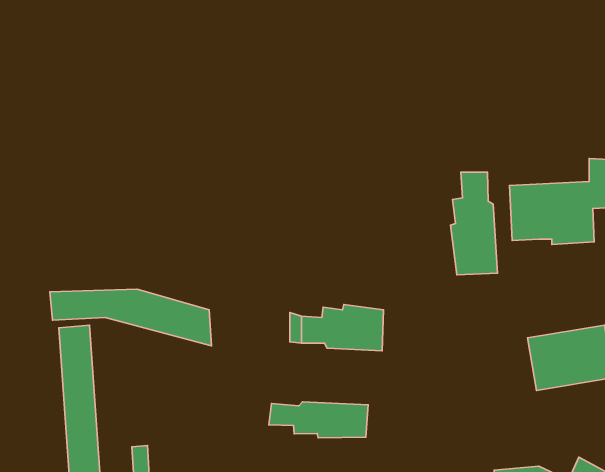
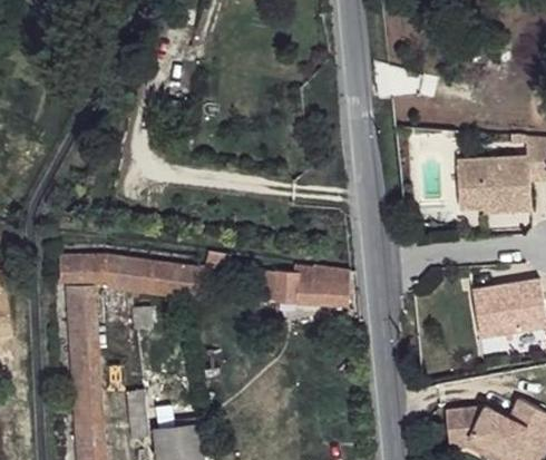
building: [451,172,498,275] -> none
building: [269,402,368,438] -> none

